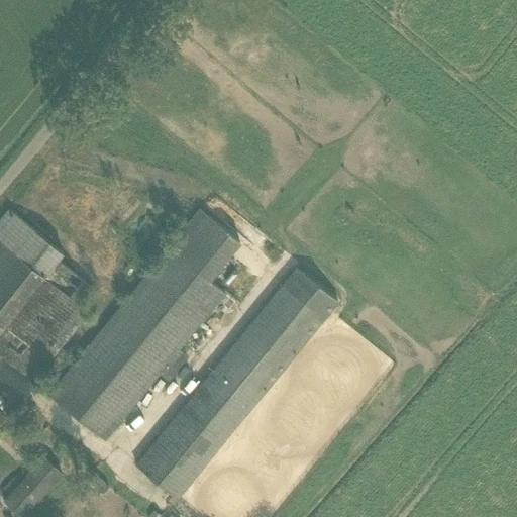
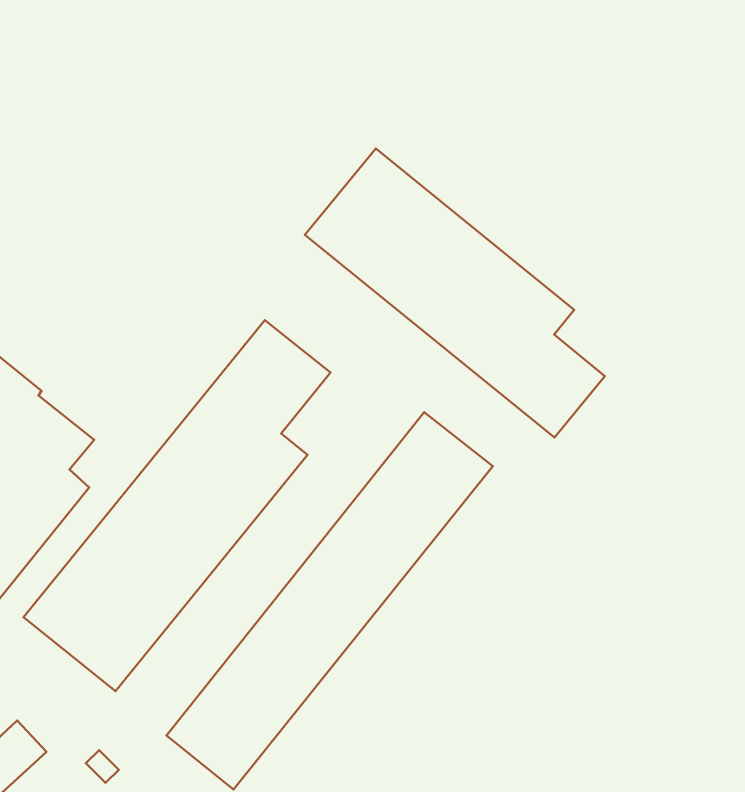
building: none -> [305,149,605,438]

